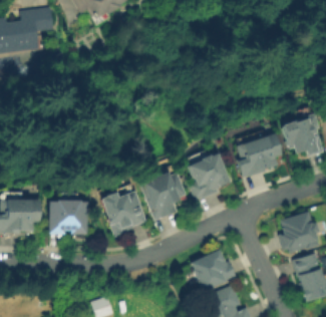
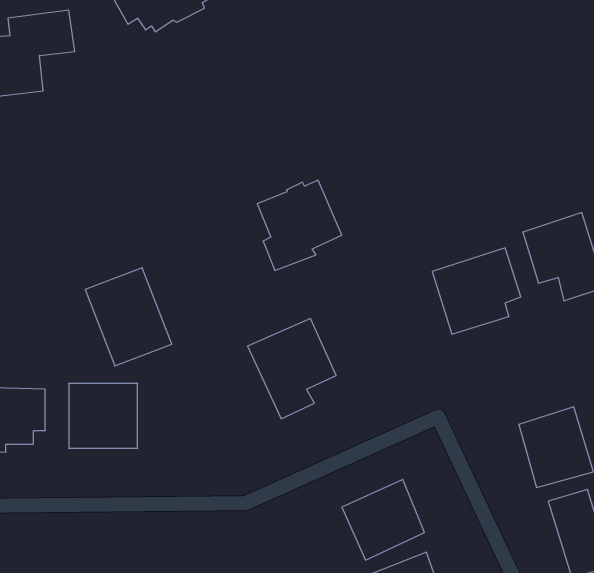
building: [187,154,230,201] -> [257,180,342,270]
building: [100,183,144,233] -> [85,268,172,366]

